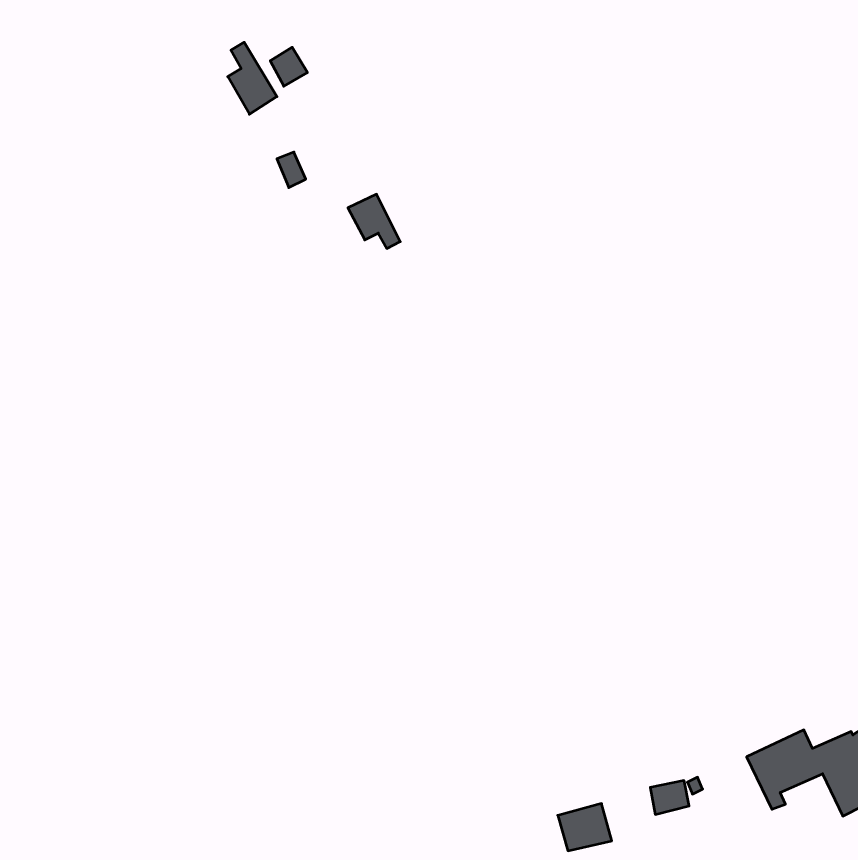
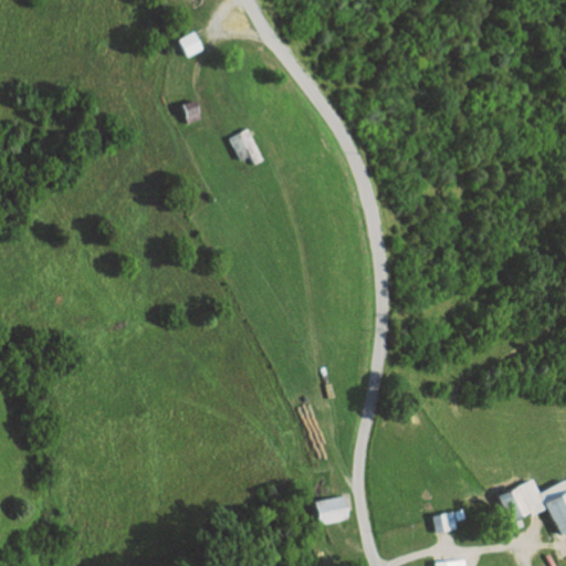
building: [228,42,277,114] -> none
building: [558,804,612,851] -> [315,493,350,524]

